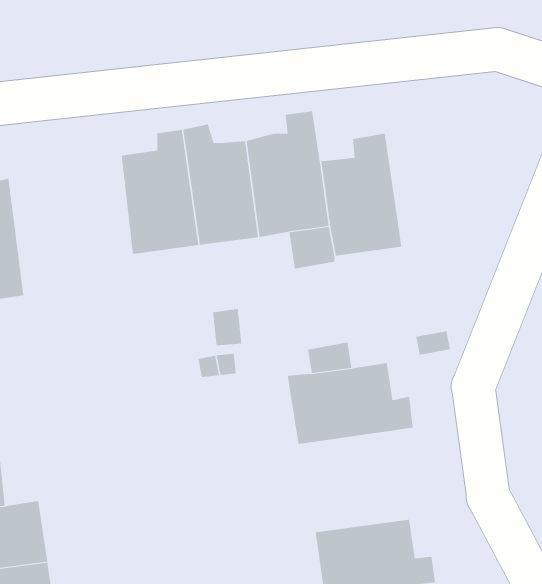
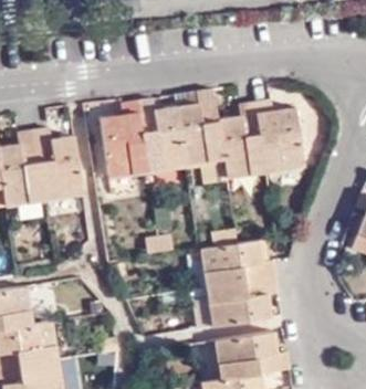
building: none -> [260,103,305,172]
building: none -> [36,130,84,201]
building: none -> [208,280,279,328]

